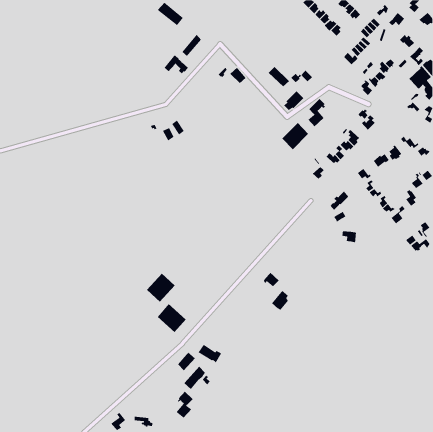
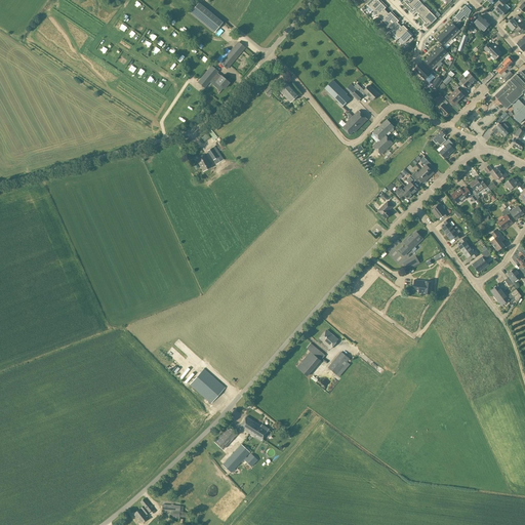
building: [282,122,309,150] -> none
building: [146,273,175,303] -> none
building: none -> [296,342,325,376]
building: [176,391,193,419] -> none

